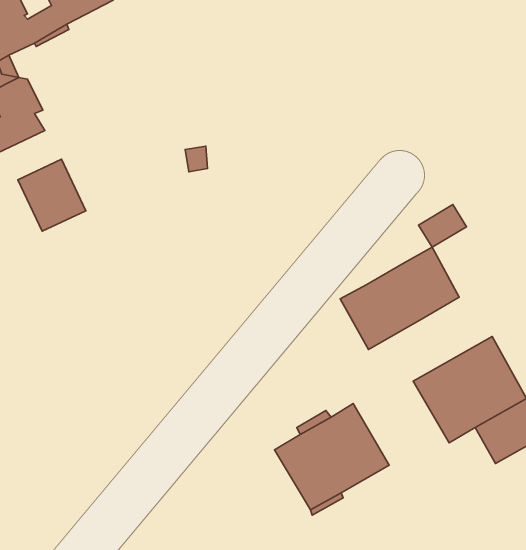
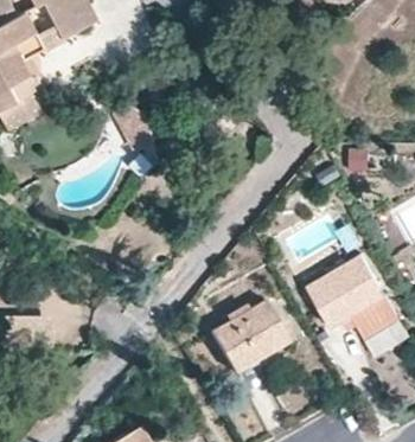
building: [18,159,86,231] -> none
building: [340,247,459,349] -> none

